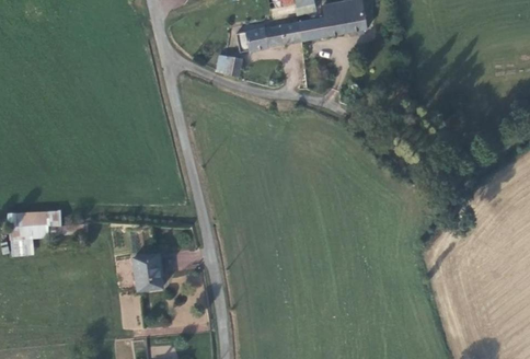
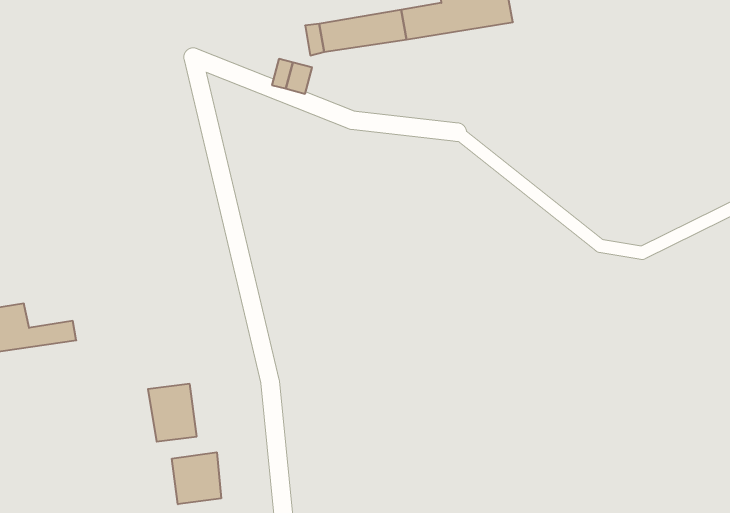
building: none -> [172,452,221,504]

